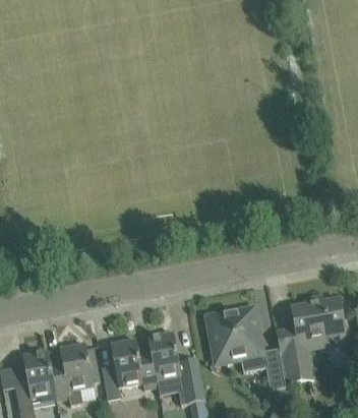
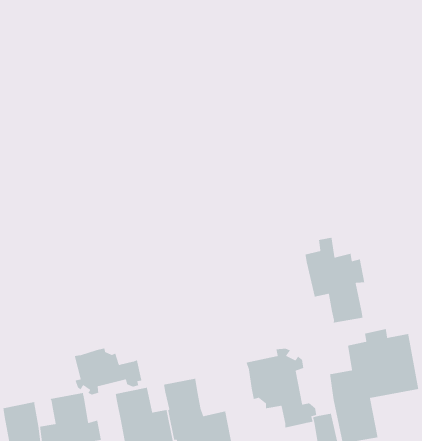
building: none -> [304,237,365,324]
building: none -> [74,348,143,395]

